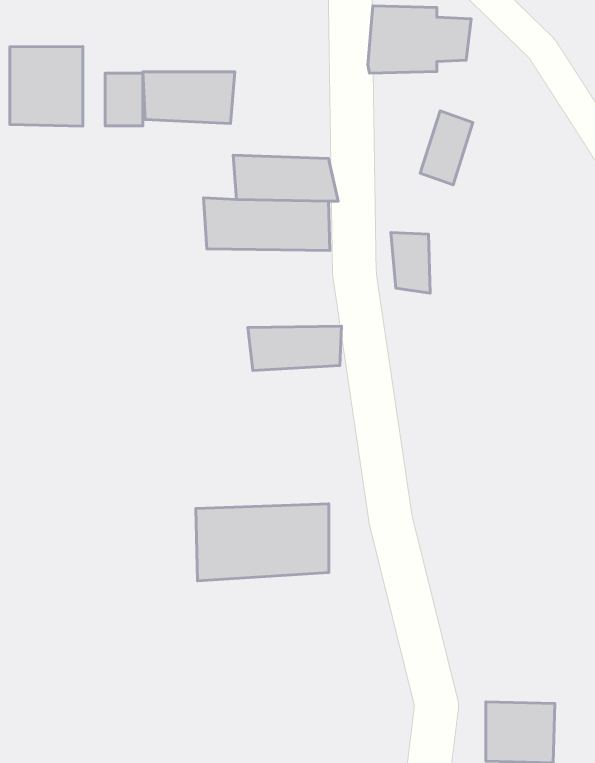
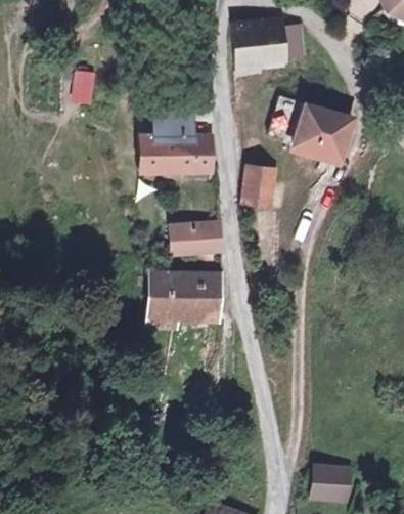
building: [10,47,83,126] -> none
building: [143,72,235,124] -> none
building: none -> [293,86,356,165]
building: [196,504,329,581] -> [144,276,227,325]

